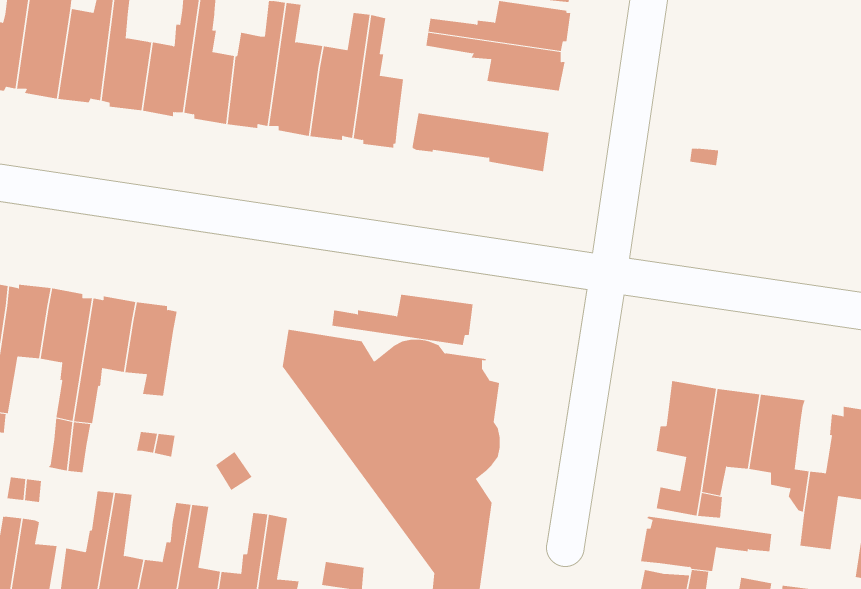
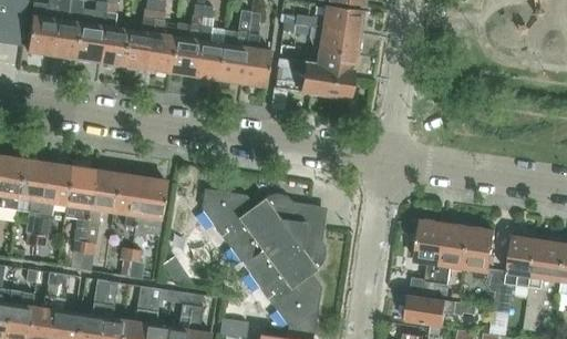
building: [332,294,473,345] -> [278,49,358,78]
building: none -> [134,177,167,236]

